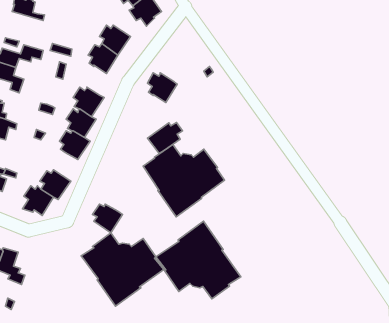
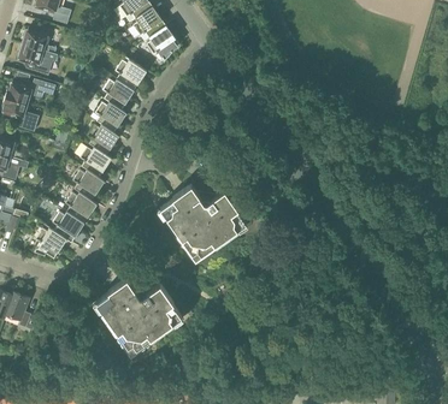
building: none -> [17,46,57,76]
building: [147,73,177,103] -> [95,102,126,133]
building: [148,122,183,154] -> none
building: [93,204,122,233] -> [65,194,96,224]
building: [156,221,241,299] -> none

